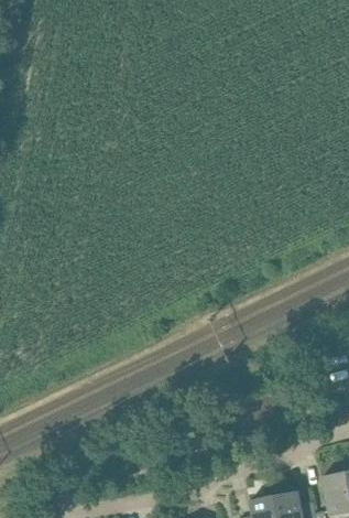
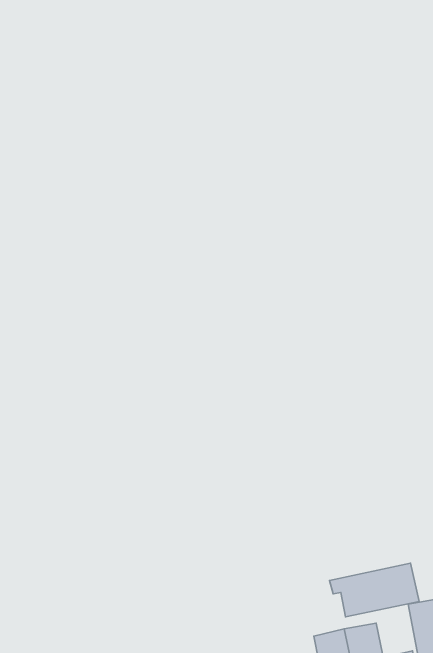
building: none -> [329,563,419,617]

